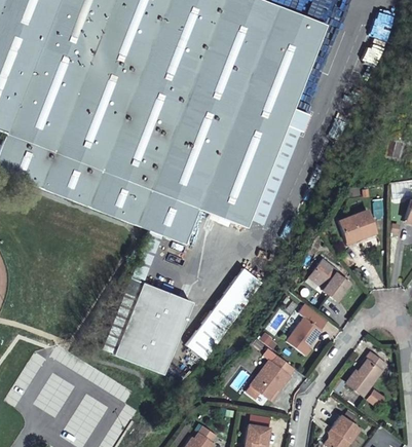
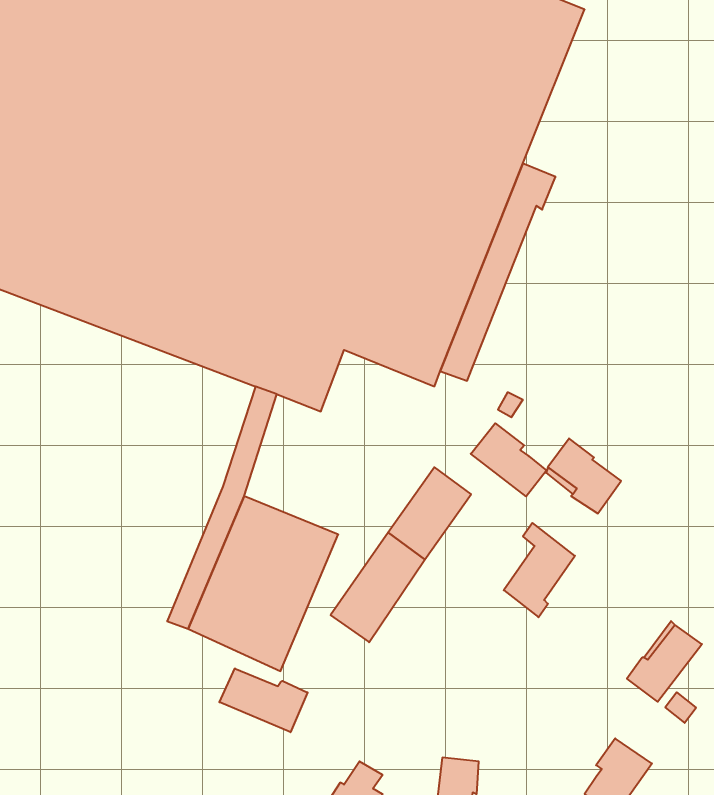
building: [336,207,372,241] -> none
building: none -> [471,423,547,496]
building: [253,353,296,399] -> none
building: none -> [219,668,308,732]

